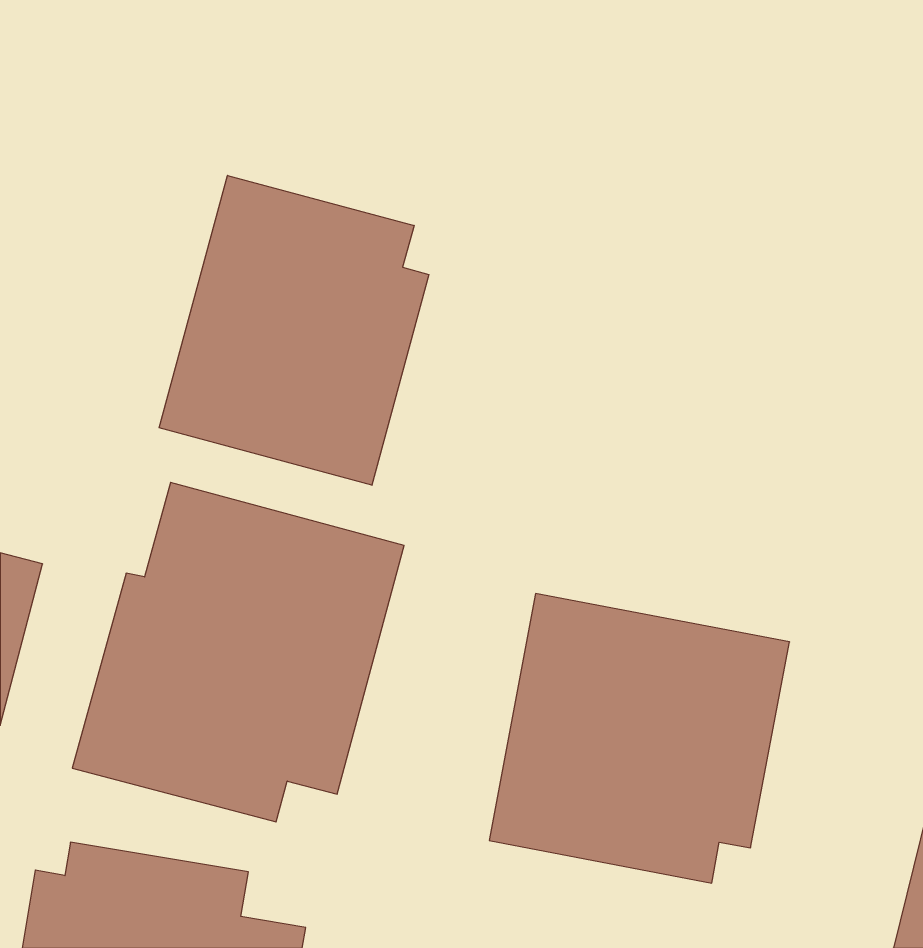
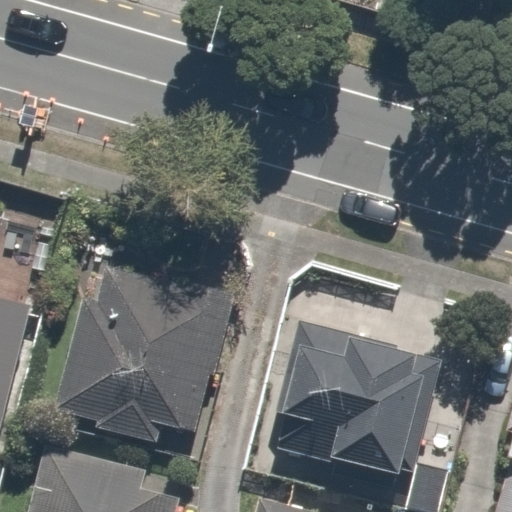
building: [159,175,429,485] -> none

